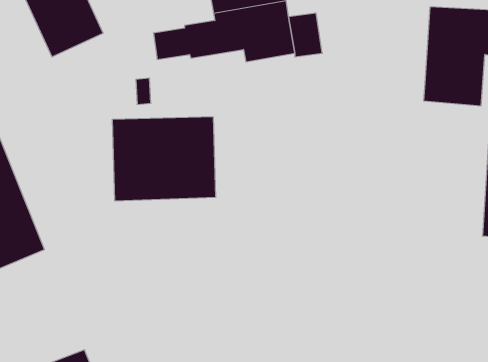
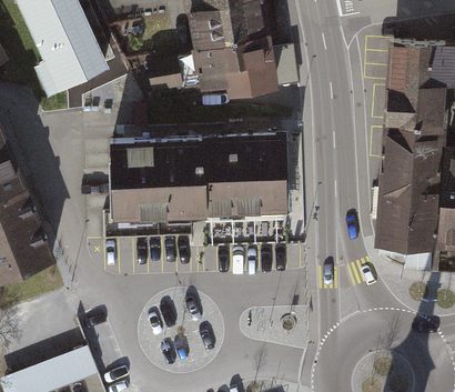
building: none -> [378,128,439,247]
building: none -> [202,139,284,213]

